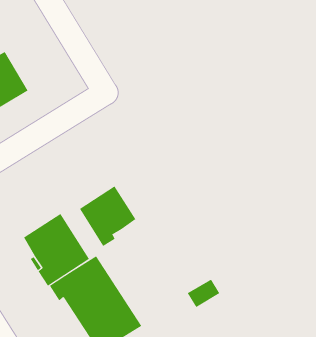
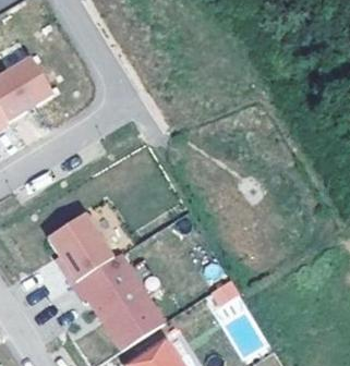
building: [79,185,136,247] -> none

